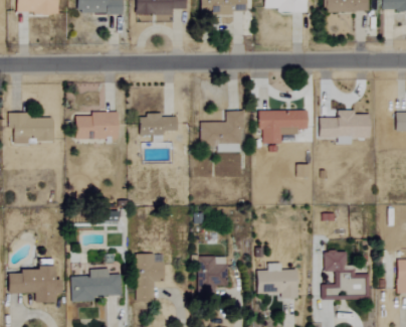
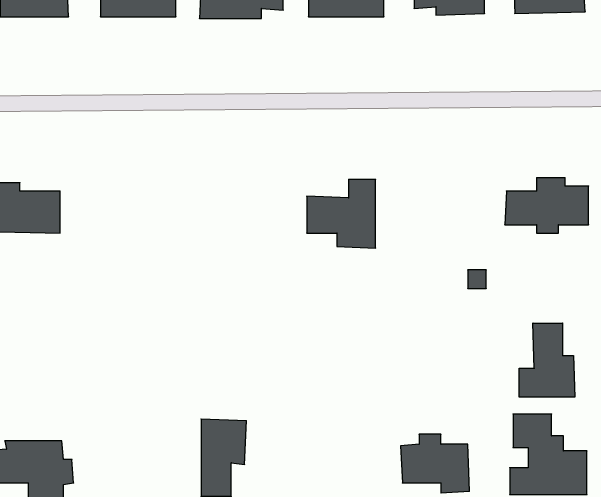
building: [258,111,308,143] -> none
building: [75,112,118,140] -> none
building: [141,115,178,141] -> none
building: none -> [519,323,575,397]
building: [199,257,228,297] -> none
building: [72,270,122,296] -> none

